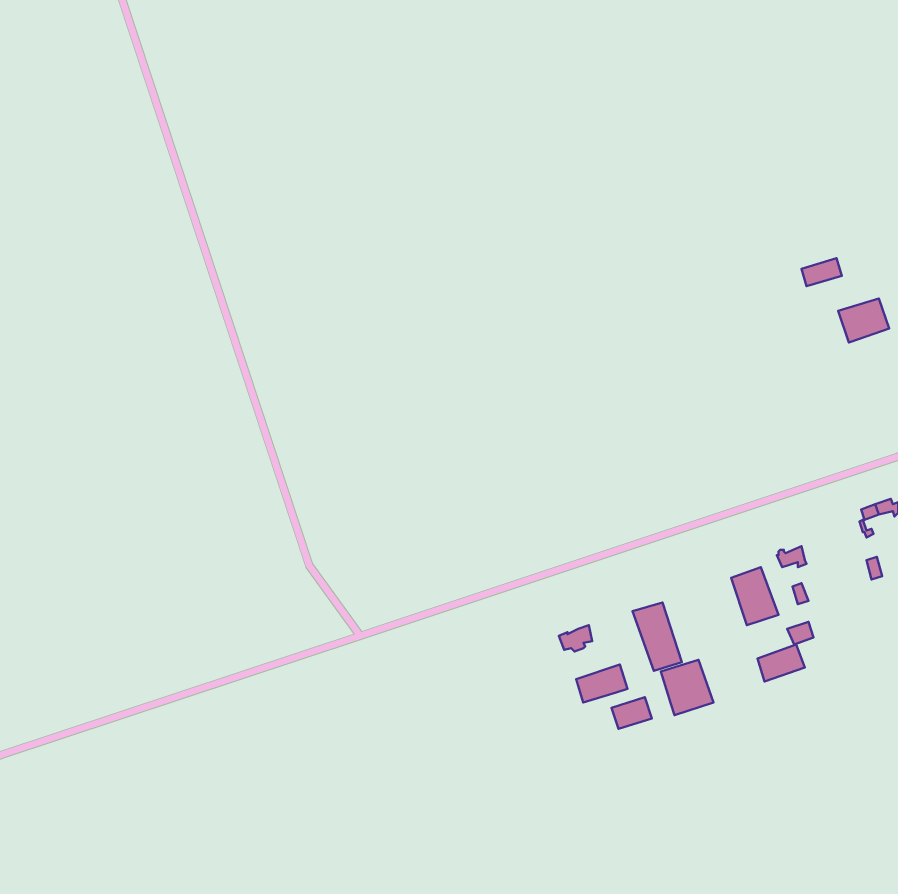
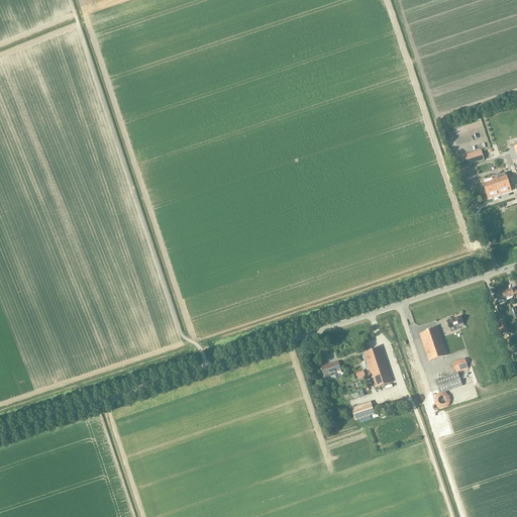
building: [661,660,714,715] -> none
building: [576,665,628,703] -> none

